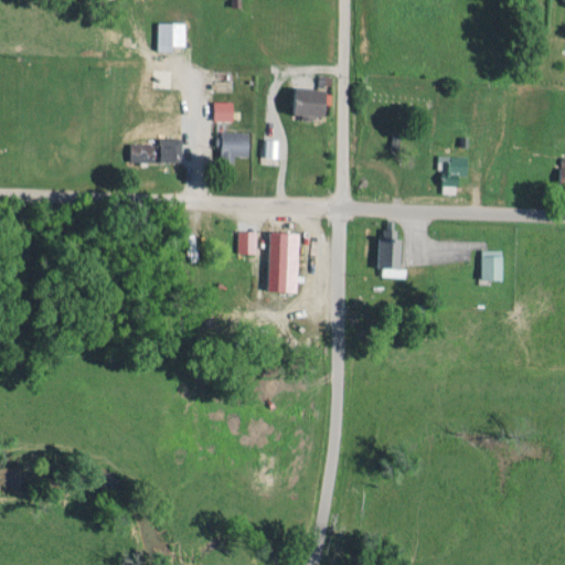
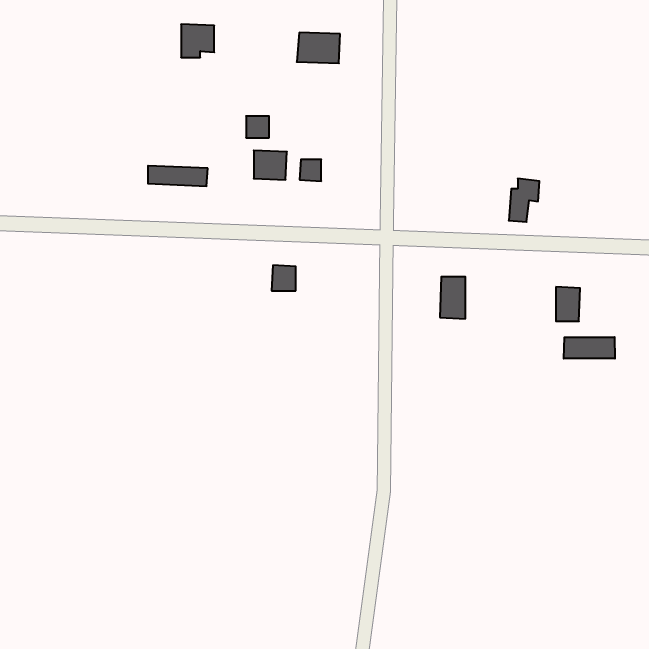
building: [291,89,329,116] -> [297,33,340,63]
building: [268,233,299,292] -> none
building: none -> [564,337,615,359]

